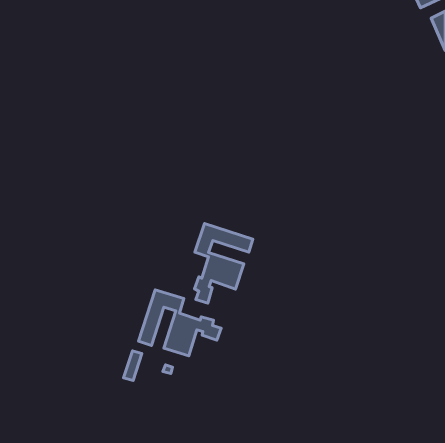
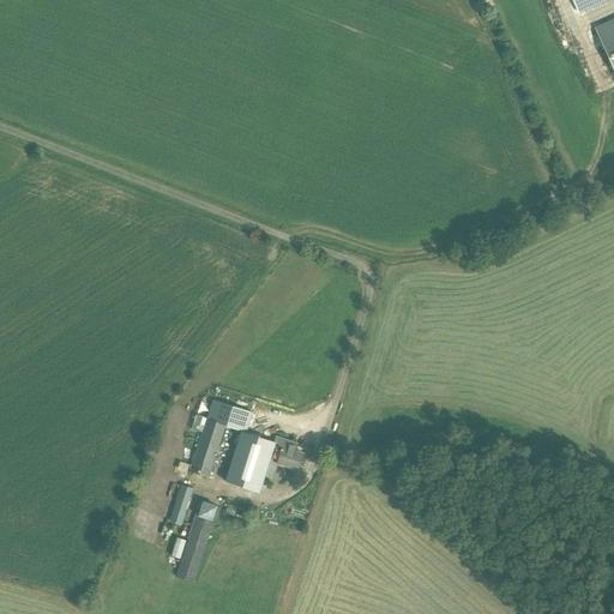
building: [195,224,253,303] -> none
building: none -> [177,499,218,574]

